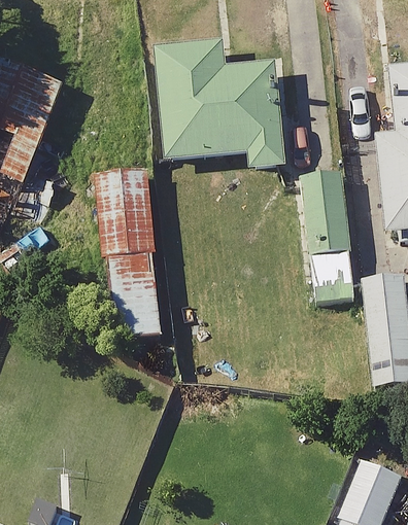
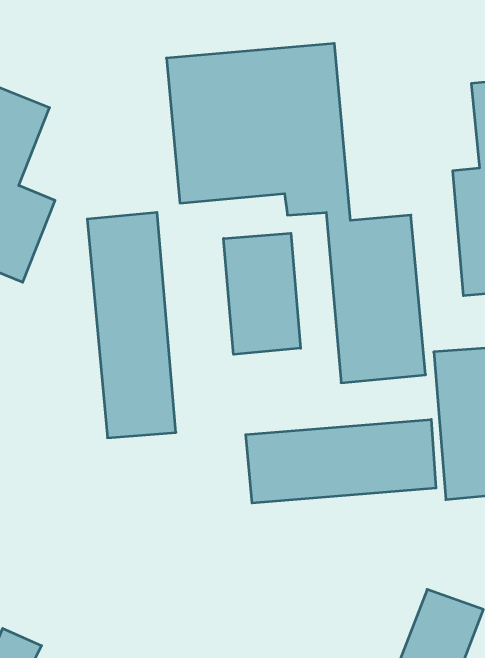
building: none -> [224,233,301,354]
building: none -> [246,419,436,503]

